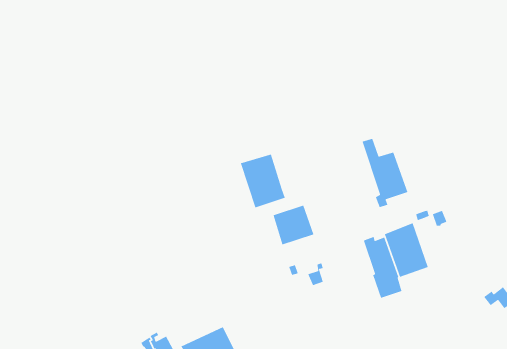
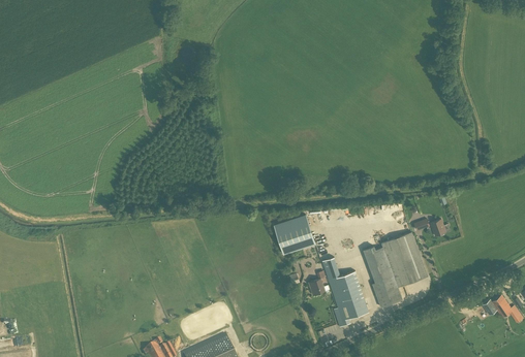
building: [361,138,409,208] -> [322,258,369,327]
building: [240,154,286,208] -> none

